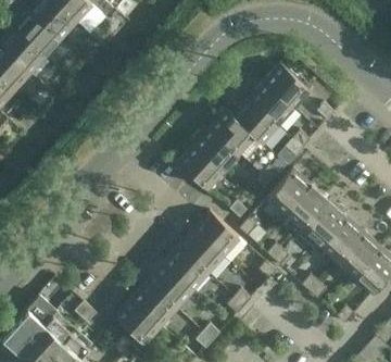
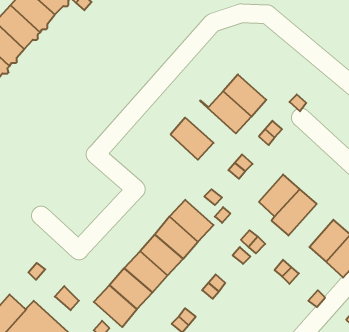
building: [263,64,308,109] -> none
building: [209,110,261,153] -> none
building: [177,145,222,189] -> none
building: [266,170,310,214] -> none
building: [319,216,362,261] -> none

